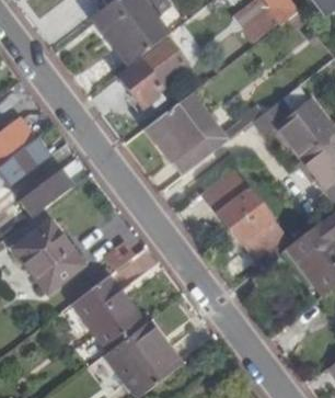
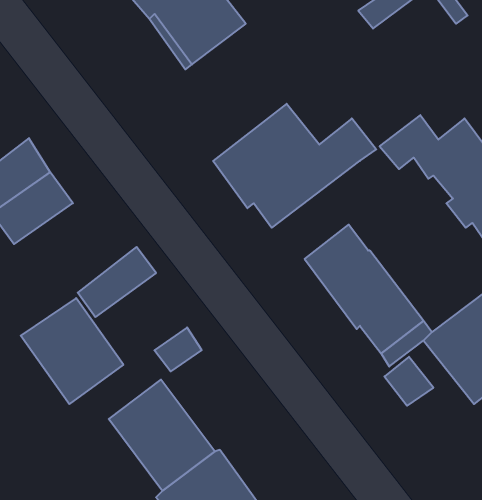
building: [122,39,182,107] -> none
building: [22,167,74,214] -> [78,247,156,317]

